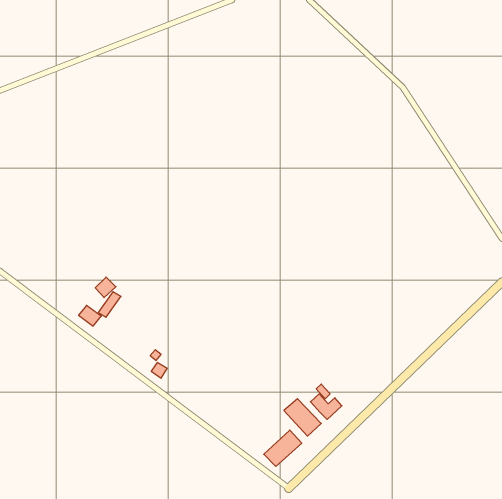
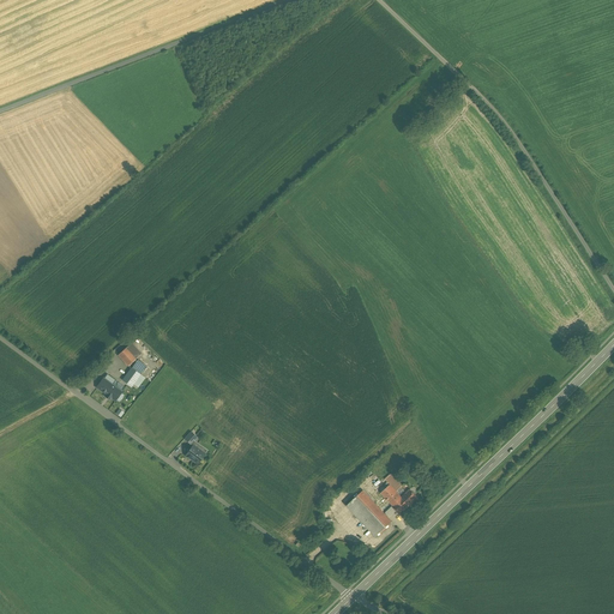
building: [264,430,302,466] -> none

